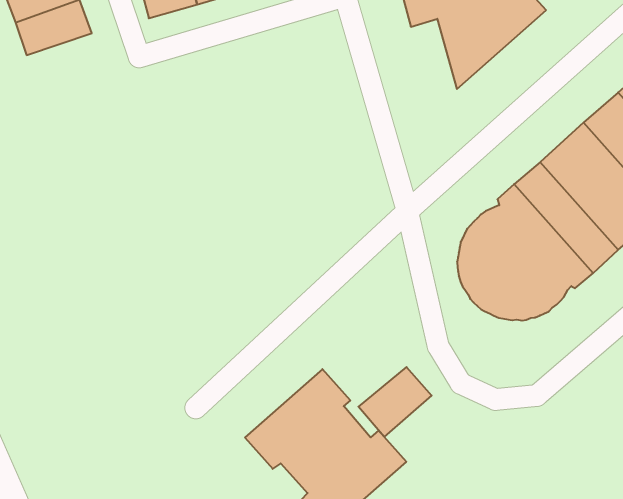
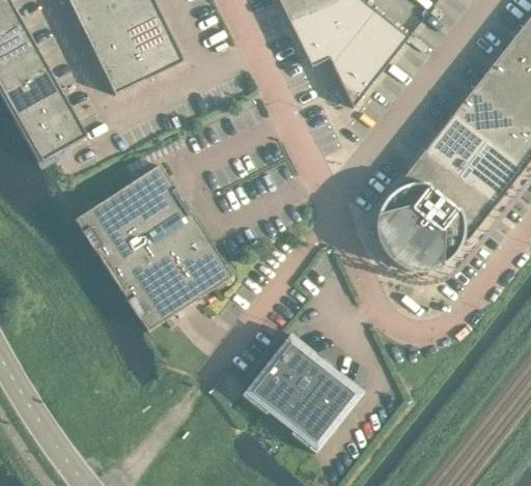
building: none -> [28,112,86,161]
building: none -> [75,163,232,330]
building: [358,367,432,437] -> none

